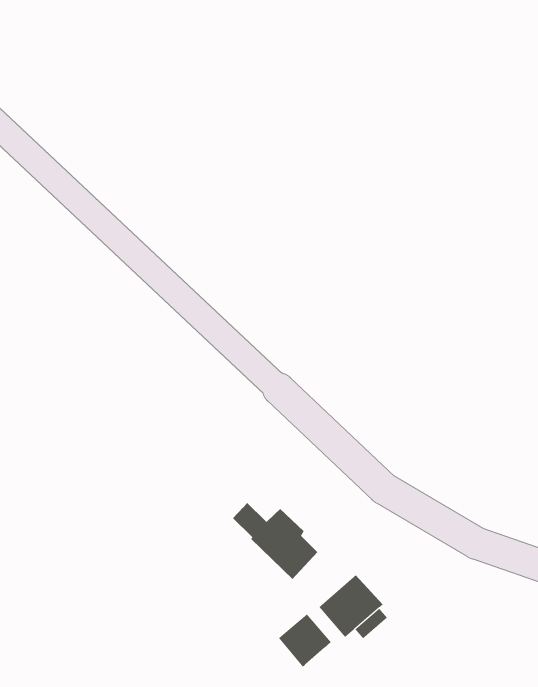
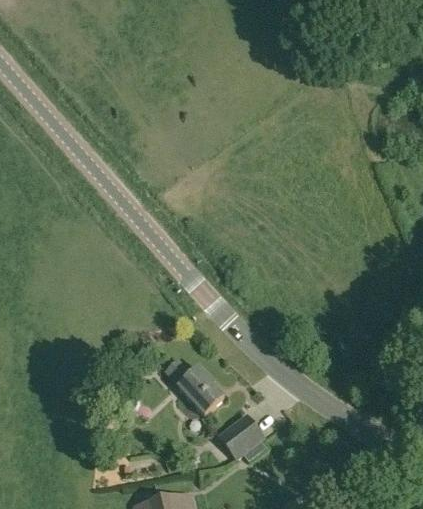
building: [278,613,332,668] -> none

